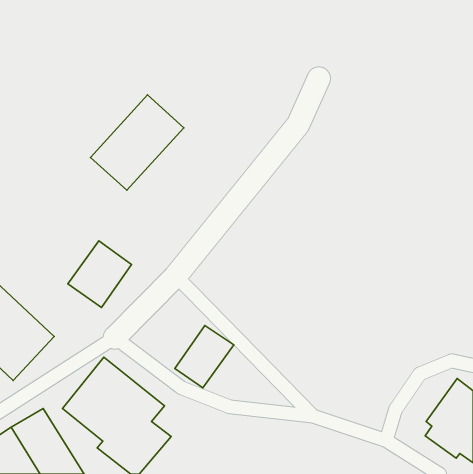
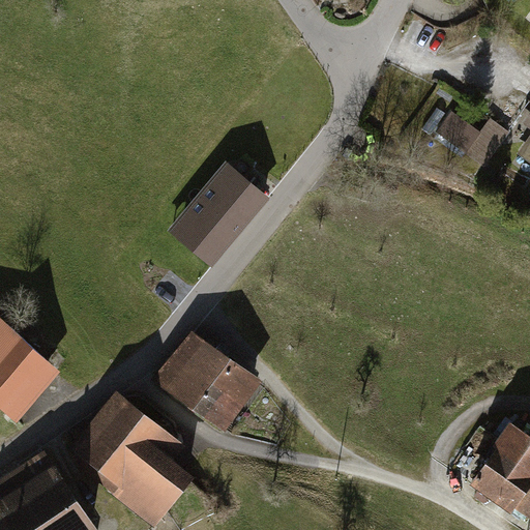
building: [90,95,184,190] -> [168,161,271,267]
building: none -> [436,111,510,168]
building: [68,241,132,307] -> [156,334,227,408]

